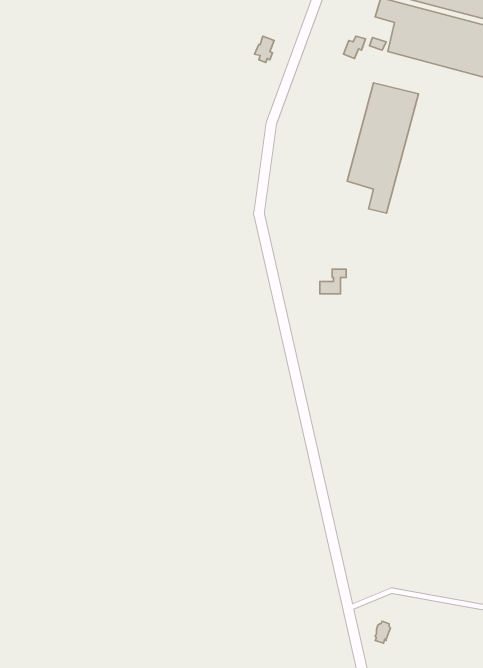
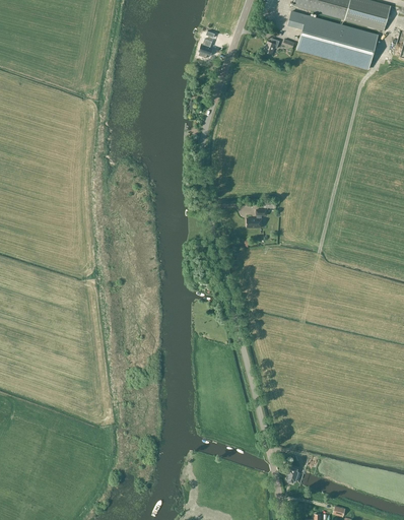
building: [347,83,419,213] -> none

